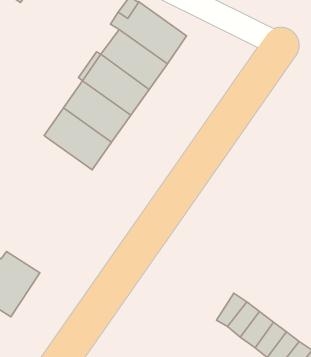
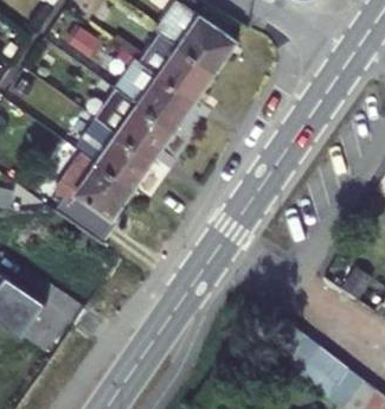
building: none -> [59,154,135,241]

